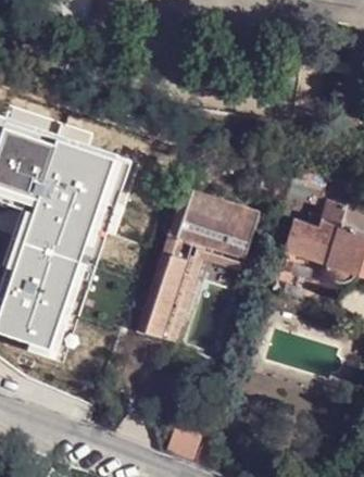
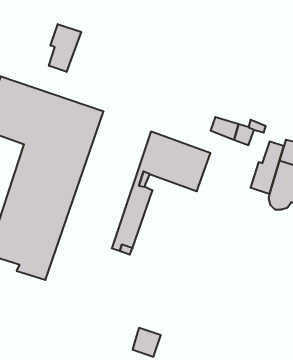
building: none -> [49,24,81,72]
building: [165,249,258,339] -> none

